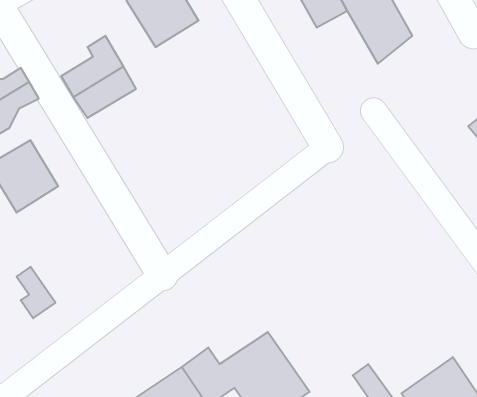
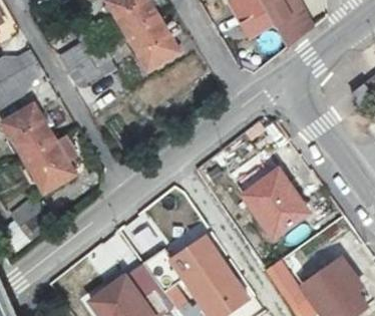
building: none -> [126,16,179,70]
building: none -> [26,135,78,190]
building: none -> [233,153,307,235]

